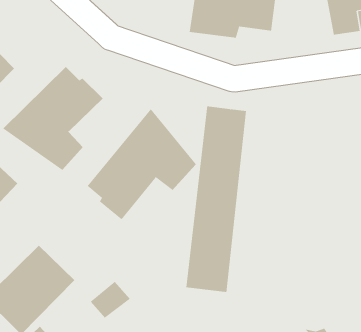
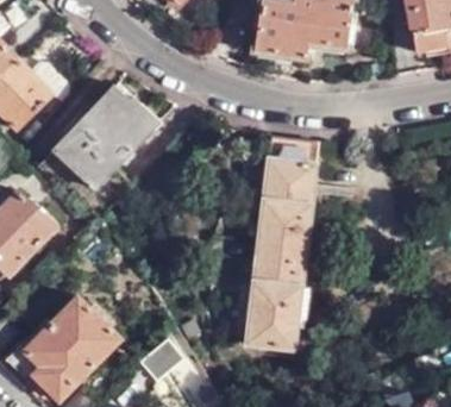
building: [87,109,196,220] -> none

